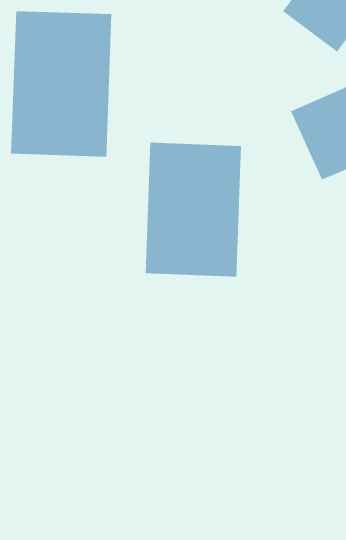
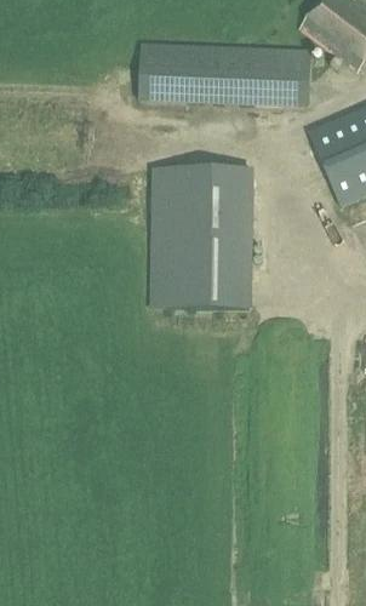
building: [11,10,112,157] -> none
building: none -> [138,41,313,116]

